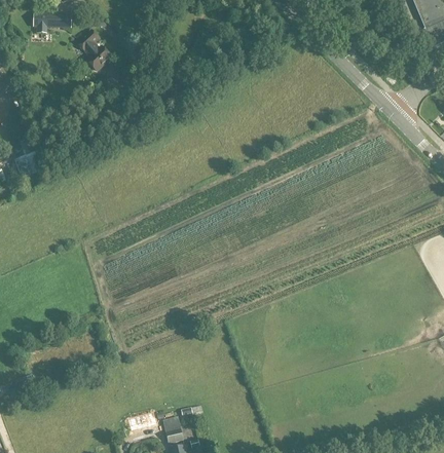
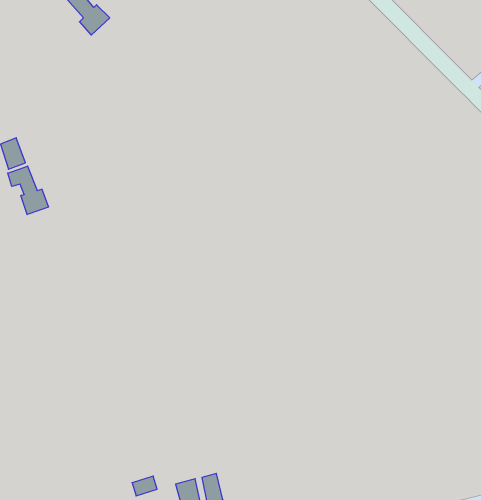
building: none -> [8,166,49,215]

